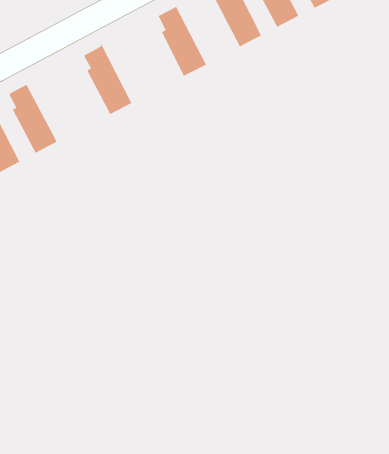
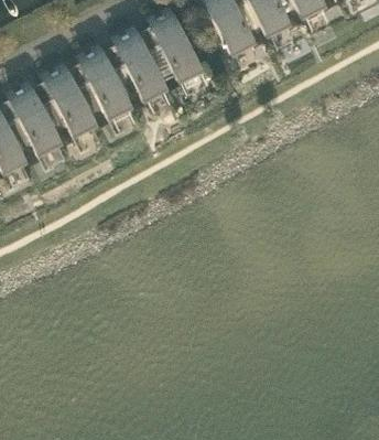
building: none -> [119,31,165,97]
building: none -> [48,67,95,133]

